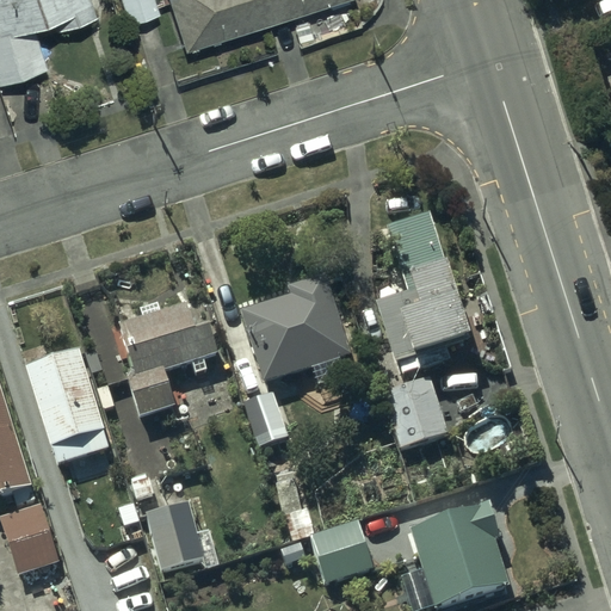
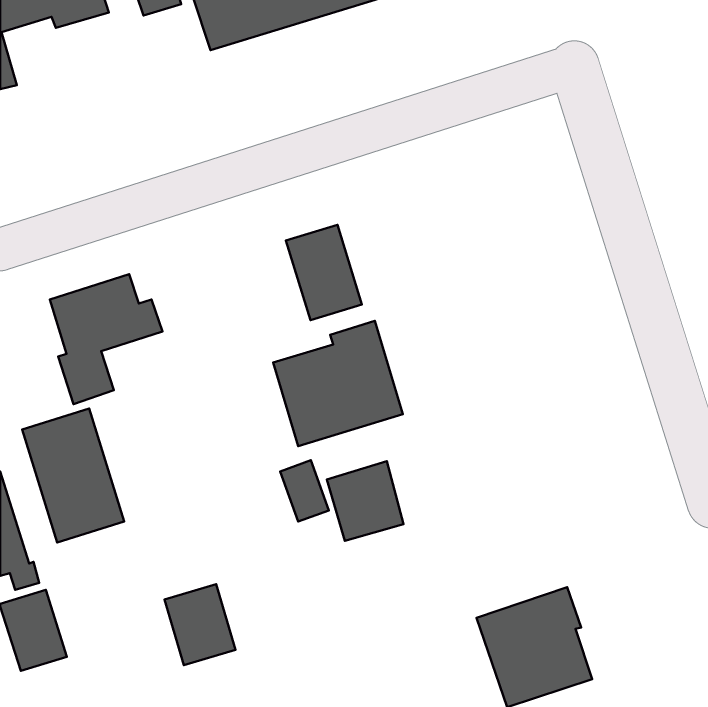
building: none -> [286,225,362,320]
building: [372,210,464,356] -> none
building: [124,306,221,416] -> [50,274,163,404]
building: [382,377,448,445] -> [327,461,403,541]
building: [309,518,375,582] -> none

